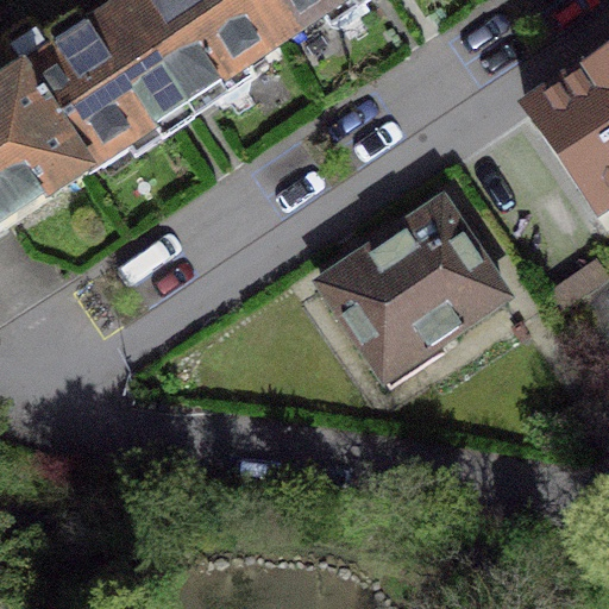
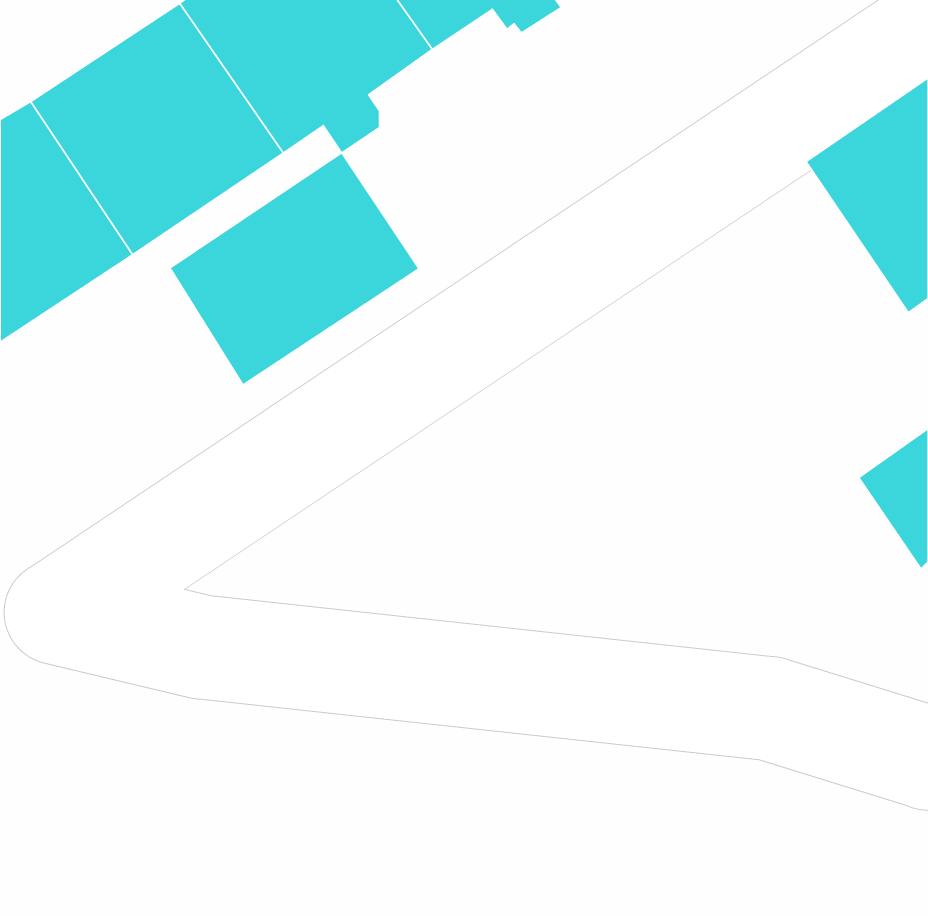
building: none -> [170,153,419,385]
building: [321,196,504,364] -> none

